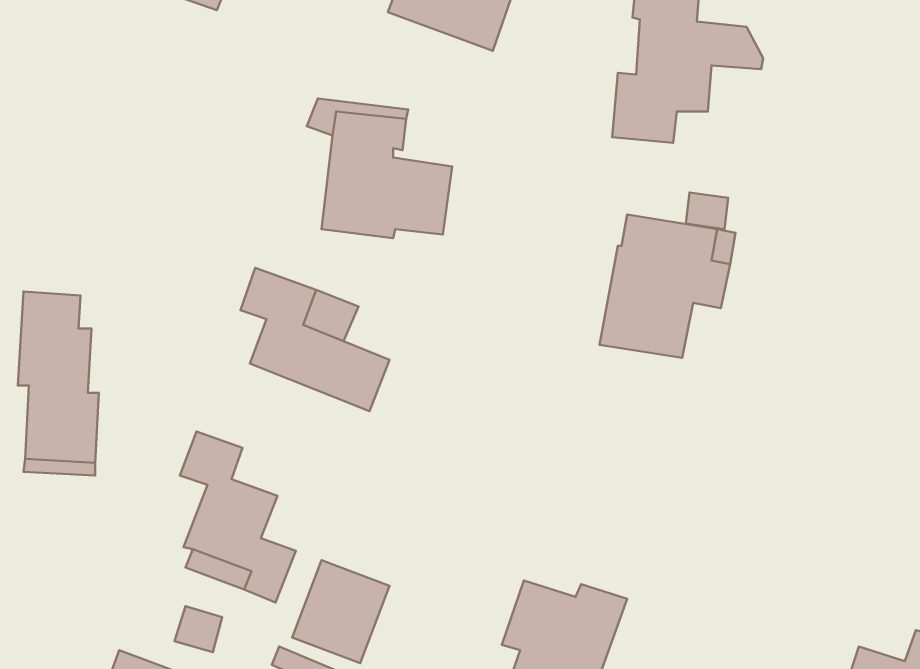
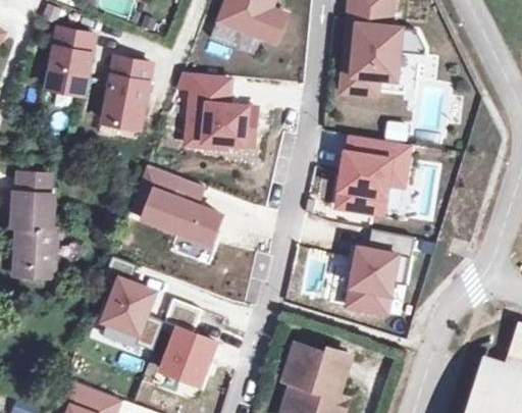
building: none -> [44,36,89,100]
building: none -> [100,64,146,133]
building: none -> [346,230,415,314]

